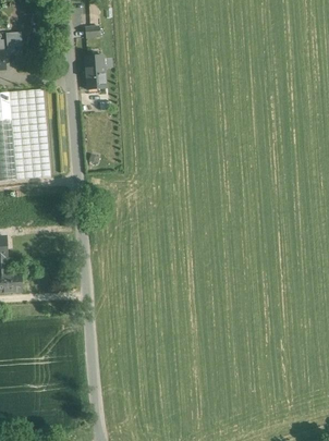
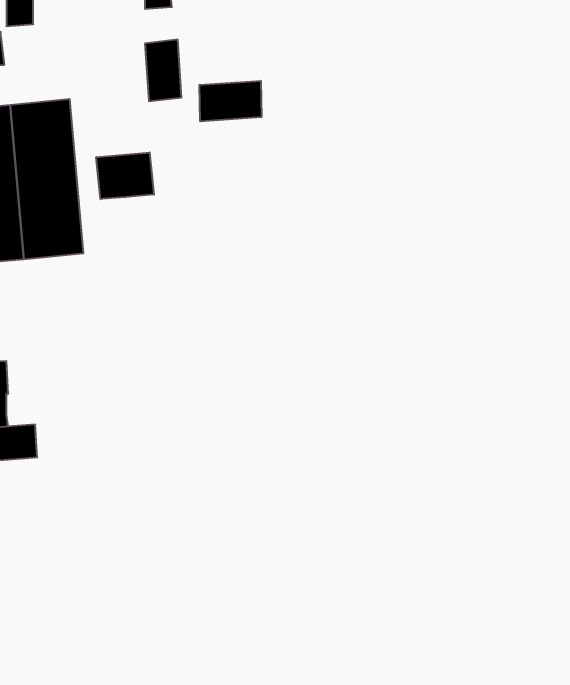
building: none -> [200,81,261,121]
building: none -> [96,152,154,199]

